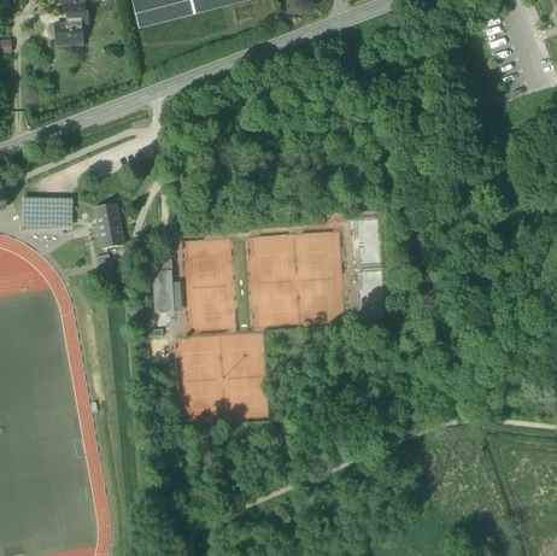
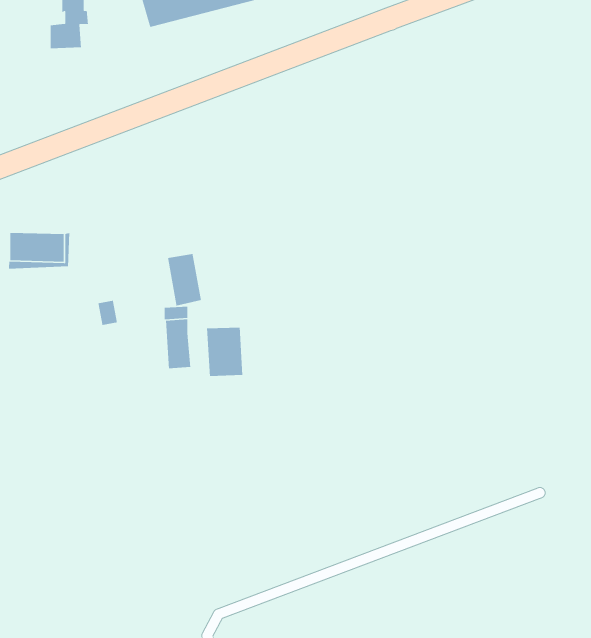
building: [94,203,123,247] -> [167,253,202,306]
building: none -> [206,327,243,377]

